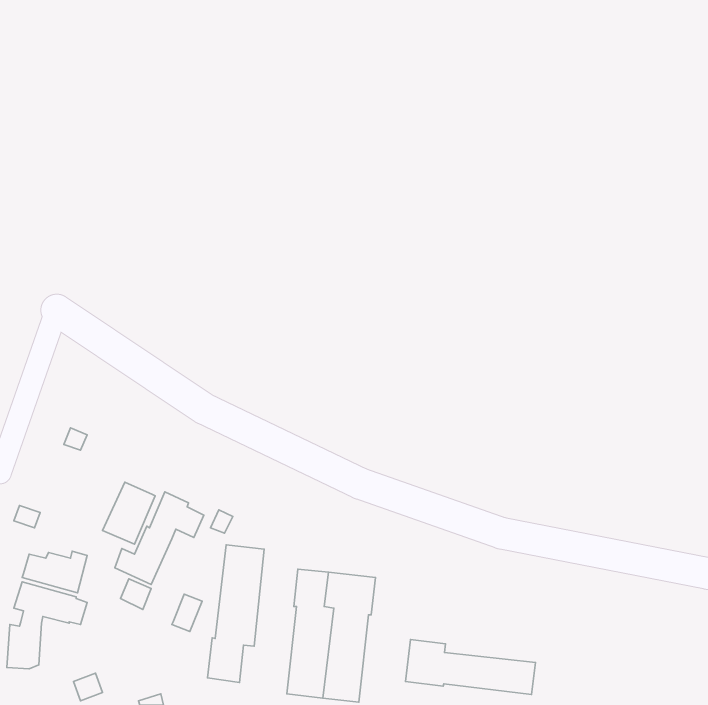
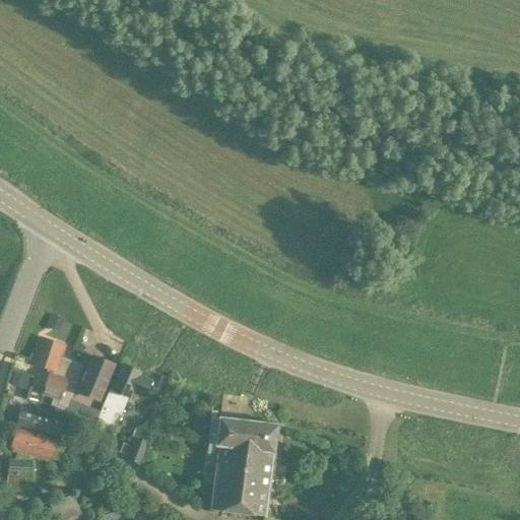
building: none -> [31,335,81,405]
building: [207,545,264,682] -> none
building: [406,640,535,695] -> none

